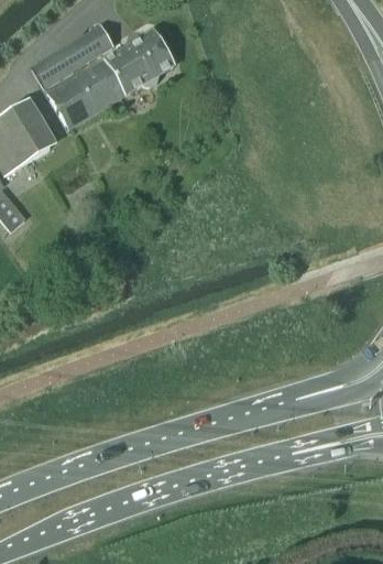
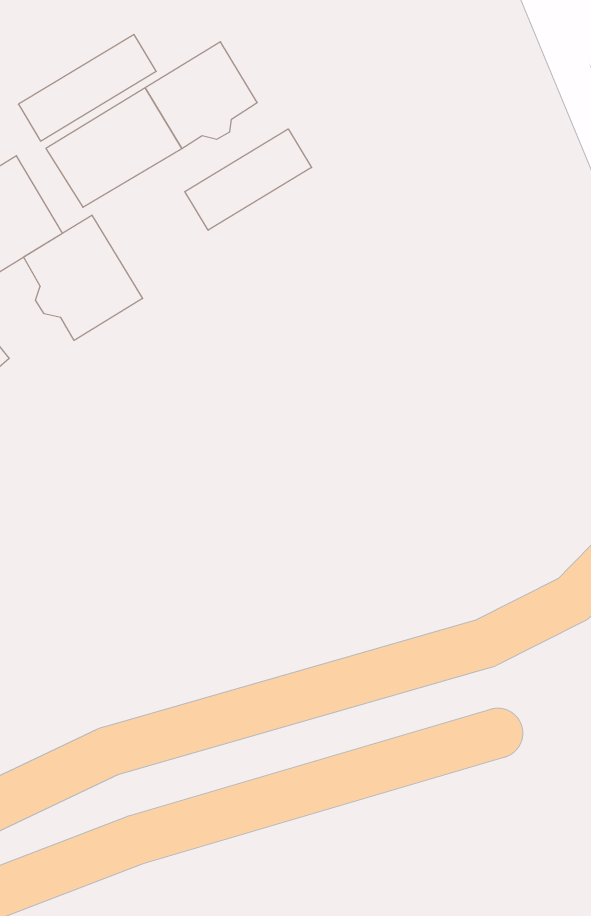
building: none -> [185,129,312,230]
building: none -> [23,215,143,340]

